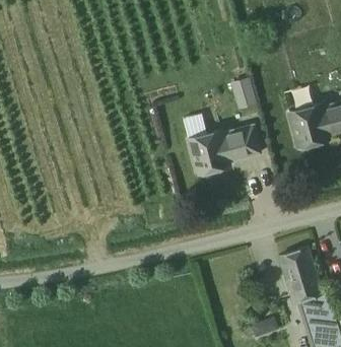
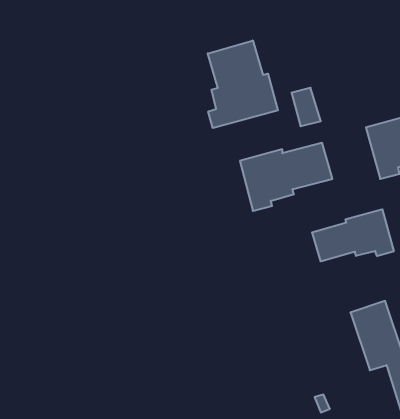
building: none -> [208,40,278,128]
building: none -> [312,209,394,261]

